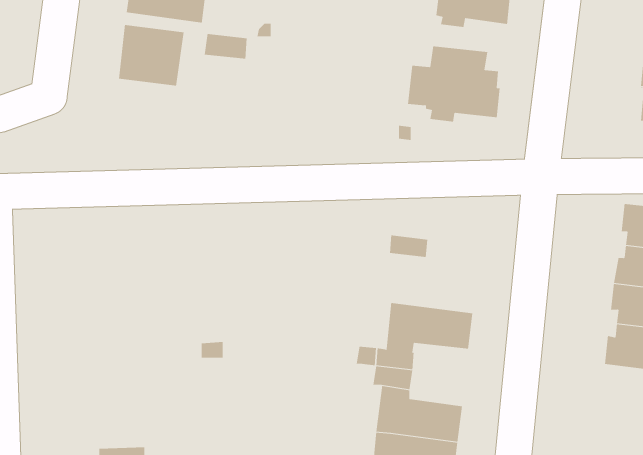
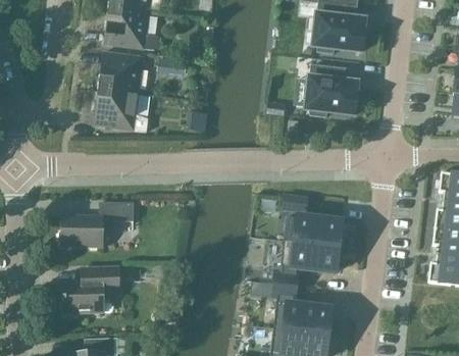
building: none -> [94,88,149,132]
building: none -> [62,202,134,247]
building: none -> [284,216,343,247]
building: none -> [63,267,118,313]

